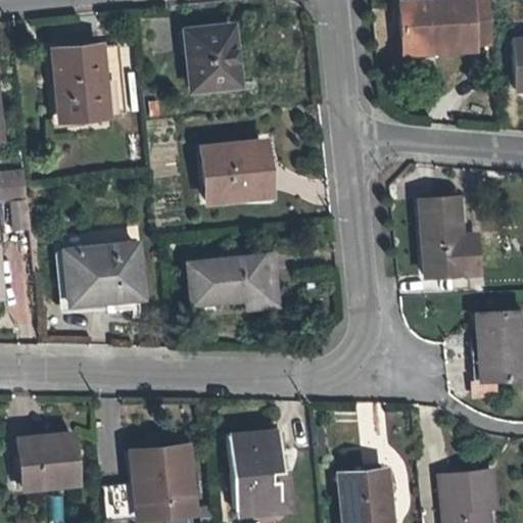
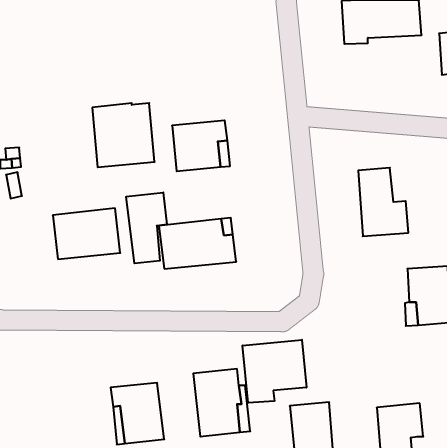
building: [187,27,245,89] -> none
building: [53,45,126,120] -> [92,103,155,167]
building: none -> [126,192,167,263]
building: none -> [243,340,306,403]
building: [16,432,77,488] -> none

